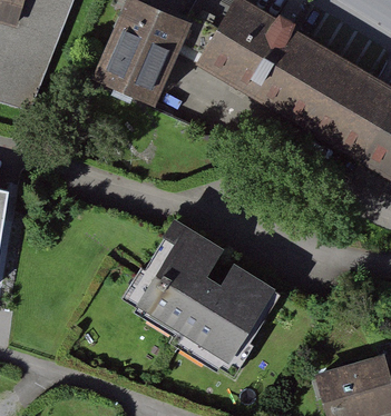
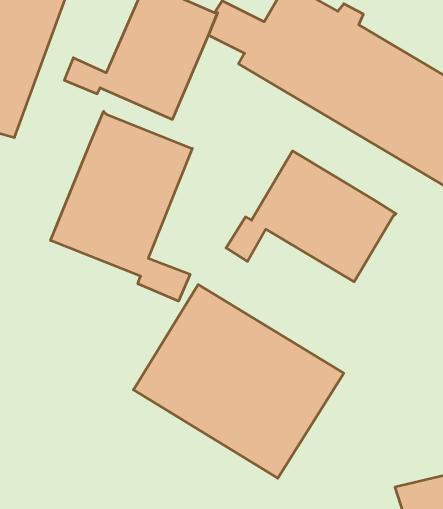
building: none -> [51,111,192,301]
building: none -> [226,151,396,282]

